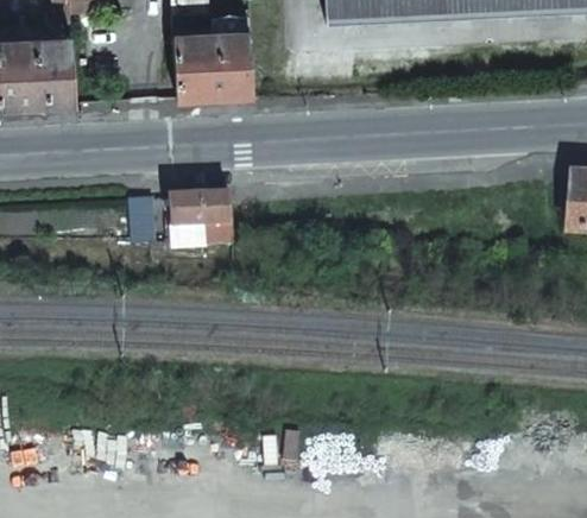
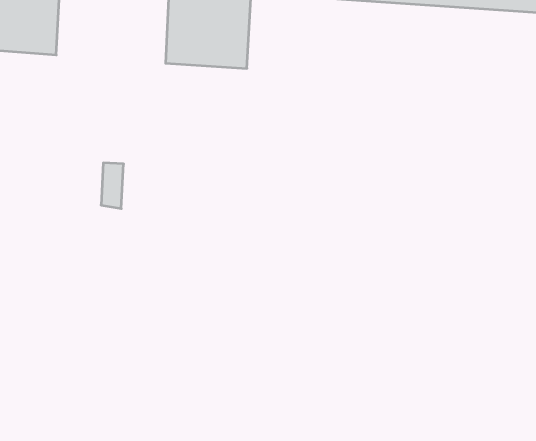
building: [165,190,234,240] -> none

